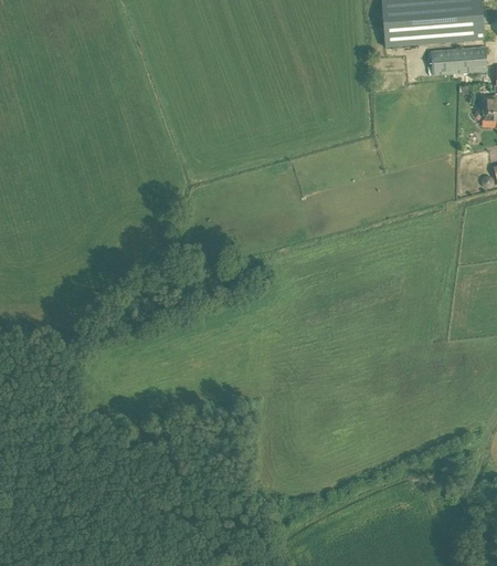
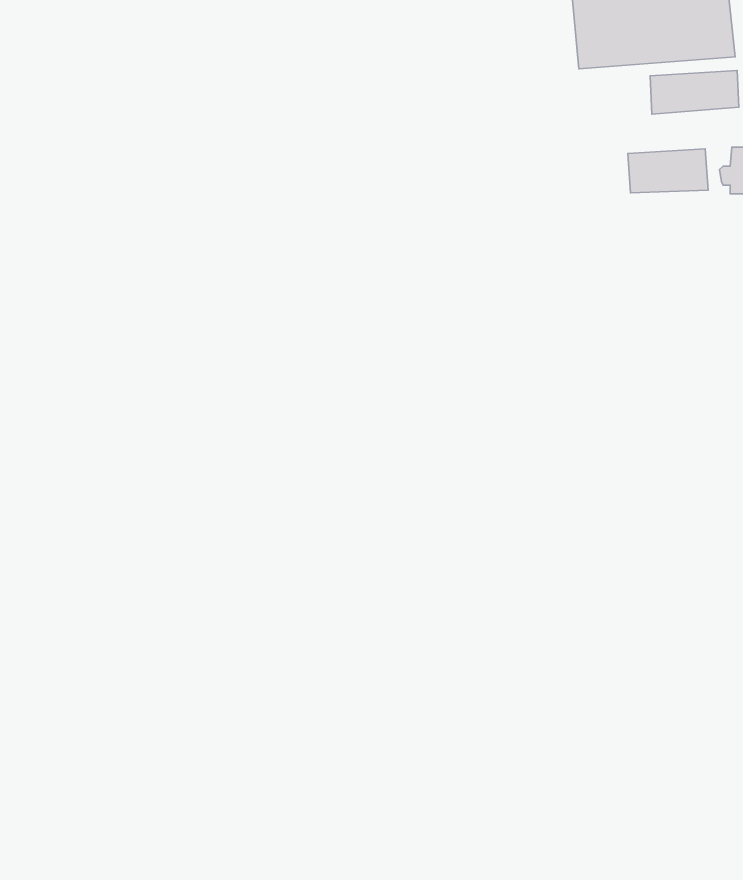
building: none -> [628,149,708,193]

